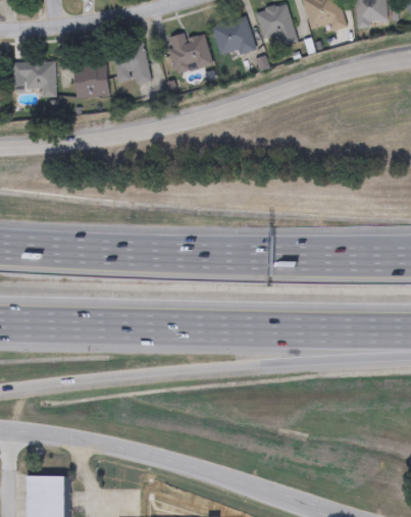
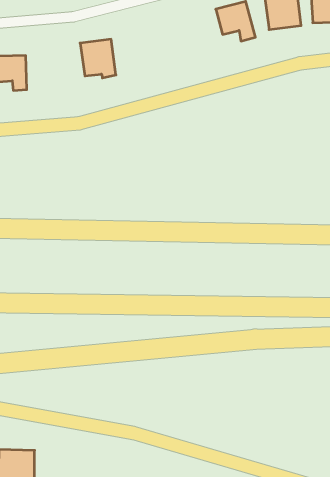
building: [211,15,255,57] -> none
building: [166,33,211,73] -> none
building: [73,62,108,97] -> none

